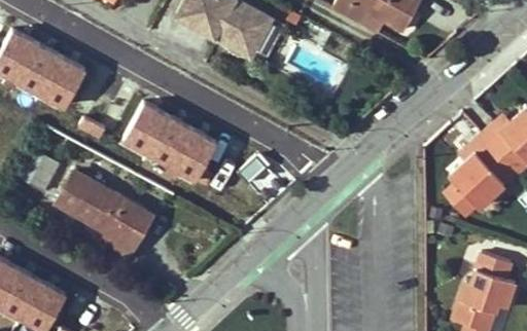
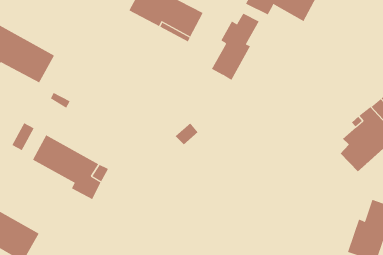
building: none -> [211,13,259,81]
building: [124,105,217,187] -> none

